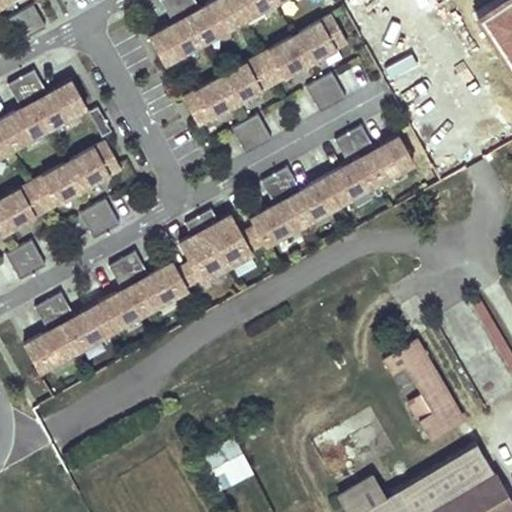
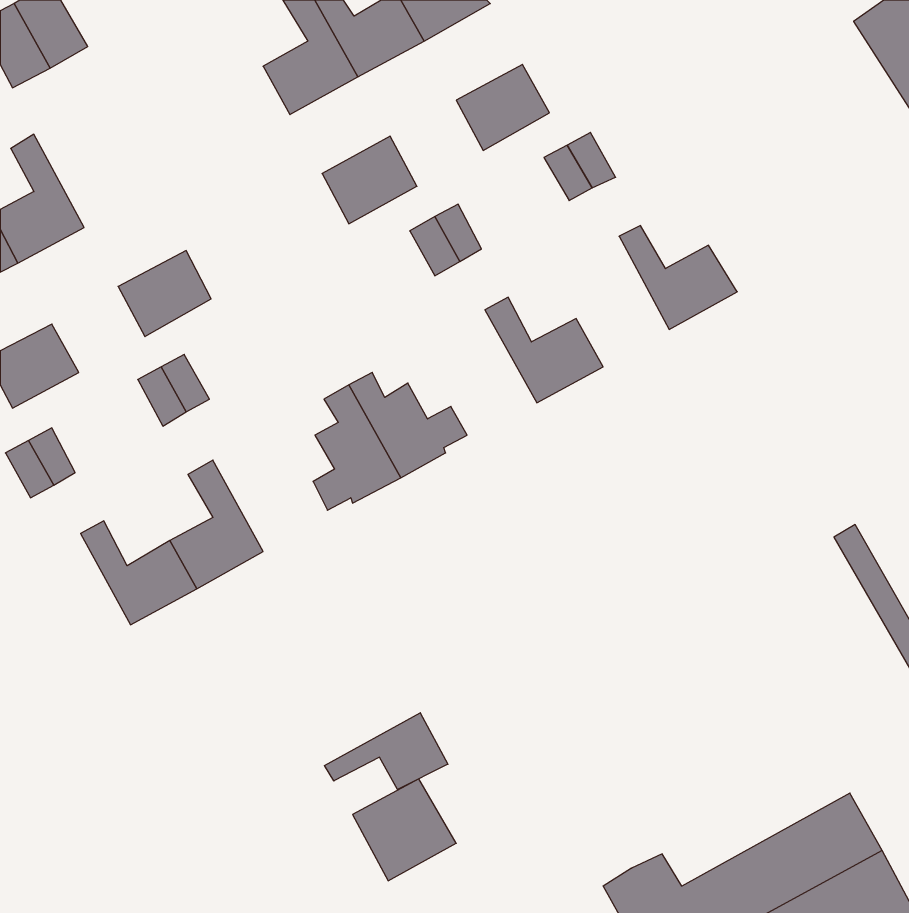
building: [295,16,348,64] -> none
building: [221,57,273,105] -> none
building: [22,70,88,128] -> none
building: [325,133,377,206] -> none
building: [32,161,84,209] -> none
building: [250,174,303,247] -> none
building: [122,251,188,309] -> none
building: [24,299,76,370] -> none
building: [384,339,465,439] -> none
building: none -> [324,713,448,789]

